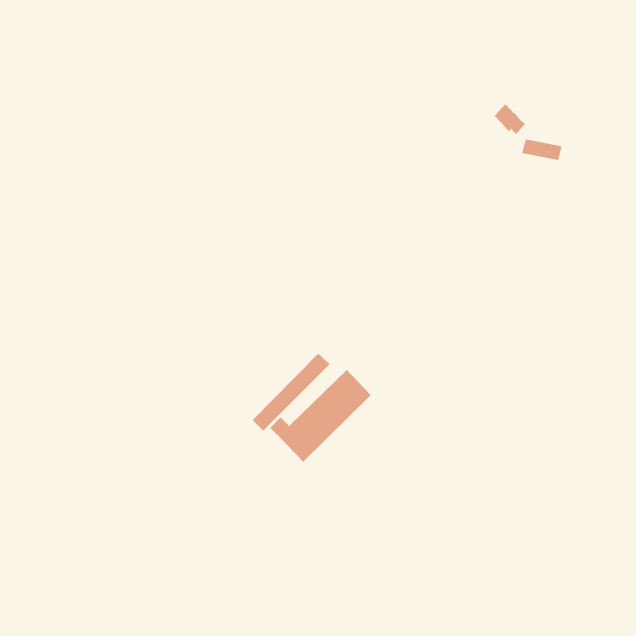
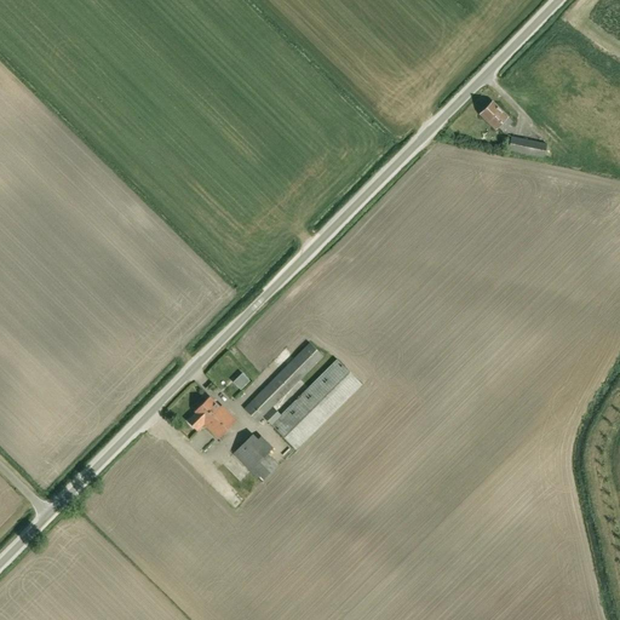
building: none -> [186,396,235,435]
building: none -> [231,432,277,482]

